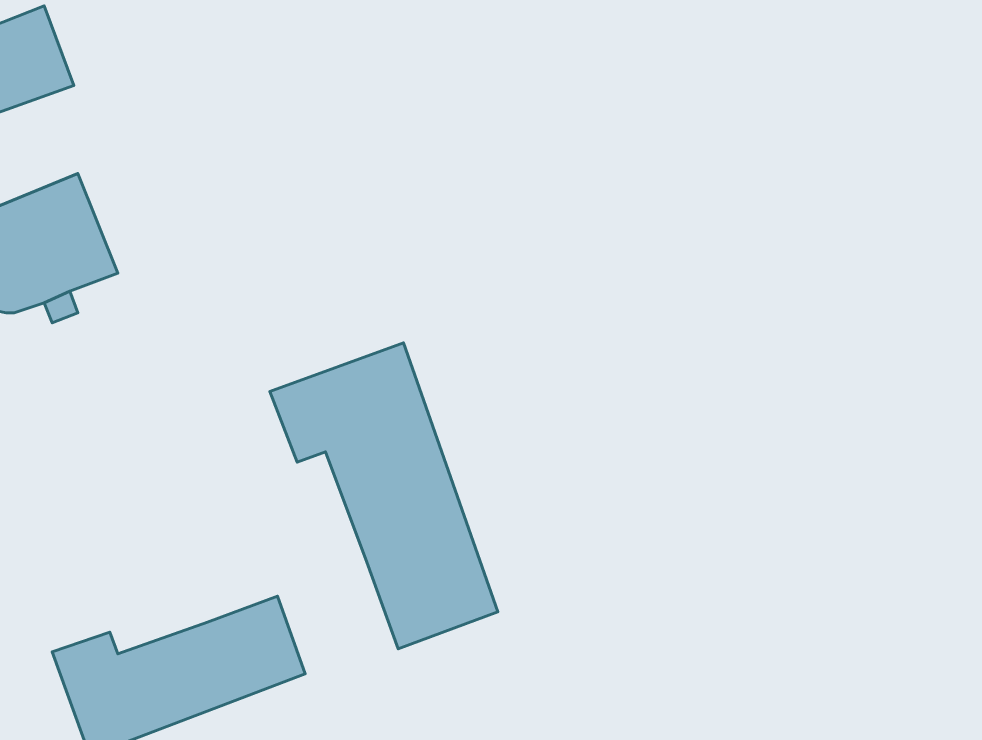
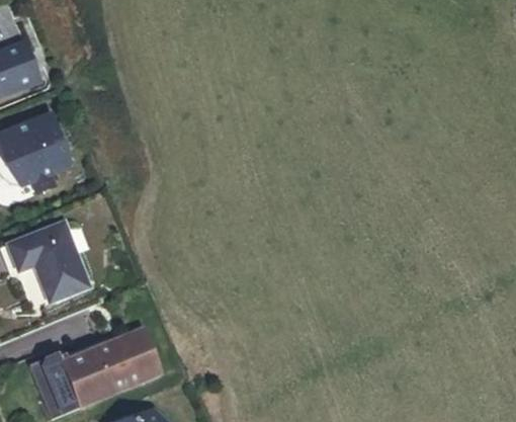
building: [270,343,498,649] -> none
building: none -> [9,224,91,304]

